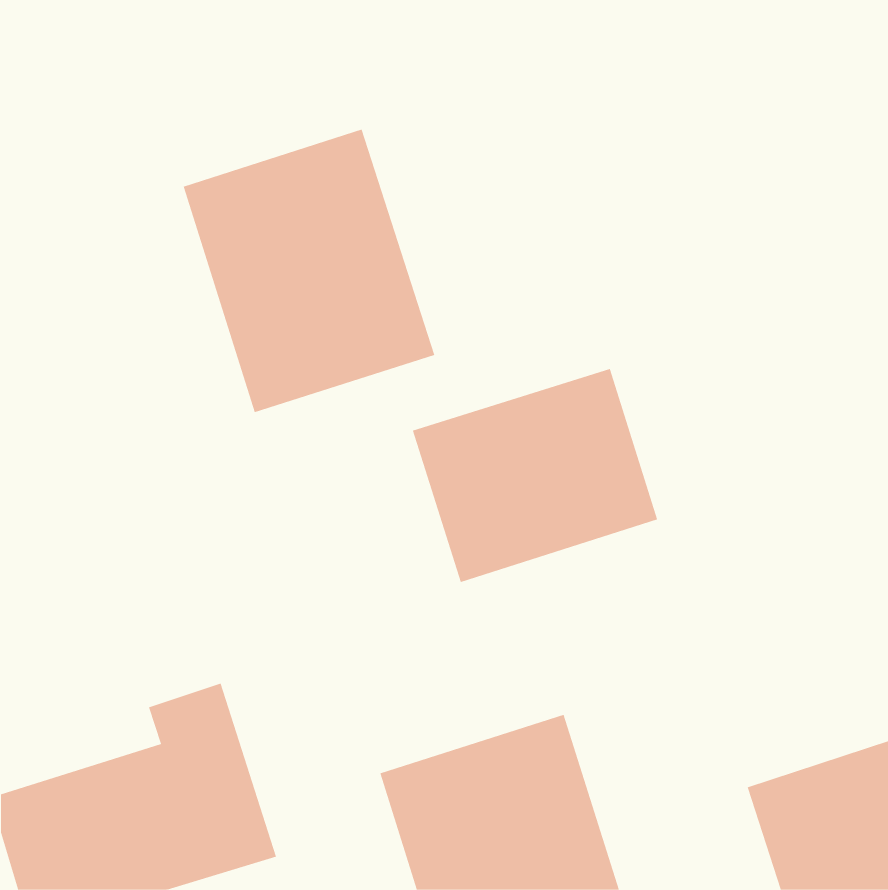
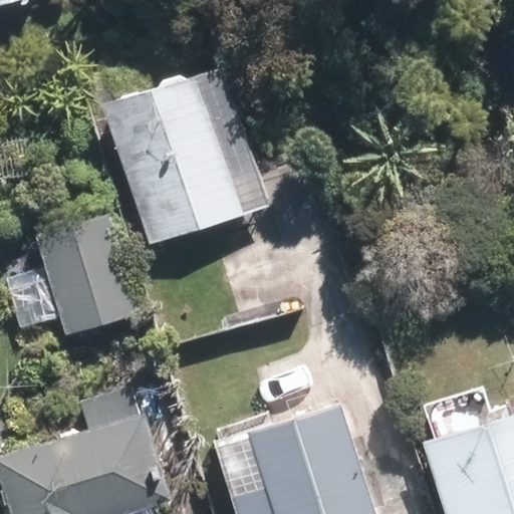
building: [412,368,658,583] -> none
building: none -> [39,221,125,329]

